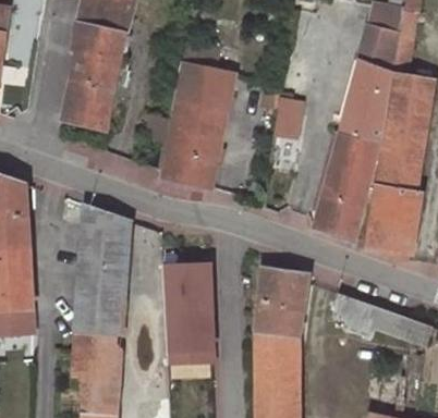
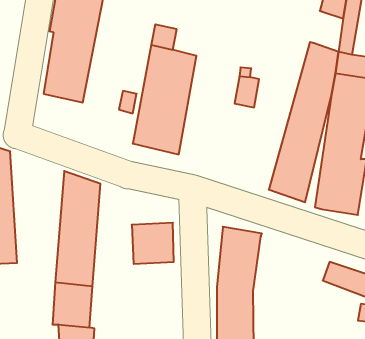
building: [363,28,397,73] -> none
building: [333,292,381,335] -> none
building: [163,307,211,361] -> none

